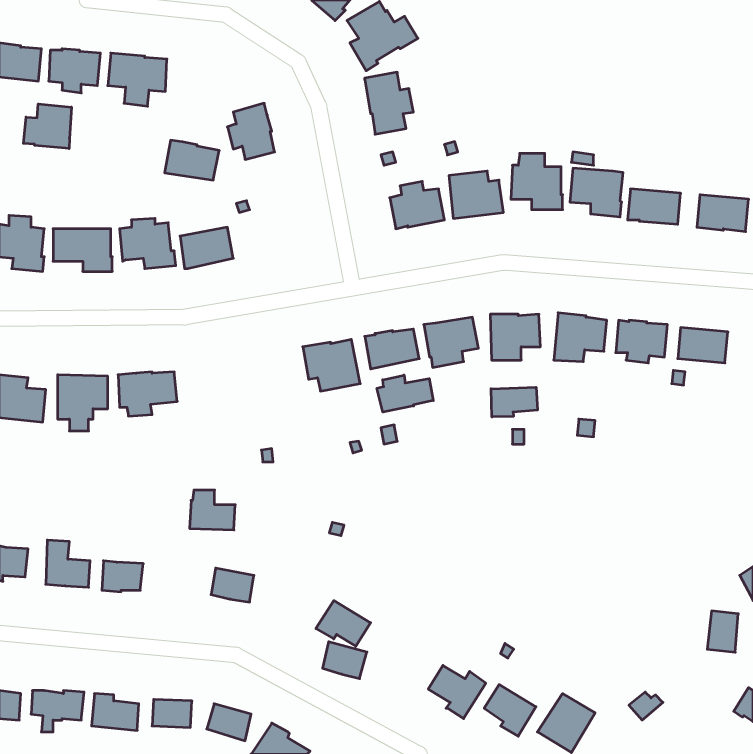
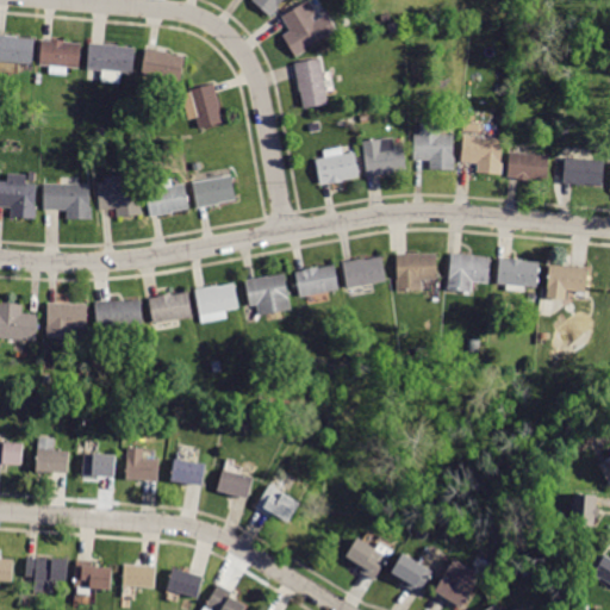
building: [23,104,71,149] -> none
building: [165,140,219,180] -> [141,49,185,81]
building: none -> [192,175,235,208]
building: none -> [194,284,238,323]
building: none -> [149,292,192,324]
building: [377,375,433,412] -> none
building: [491,387,537,417] -> none
building: [190,490,235,530] -> [125,448,162,480]
building: [323,642,367,679] -> [217,469,253,499]

